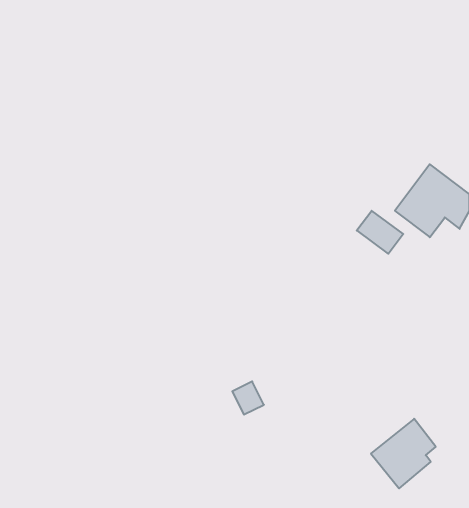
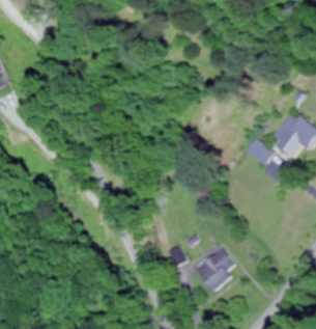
building: [371,419,436,488] -> [194,249,234,293]

